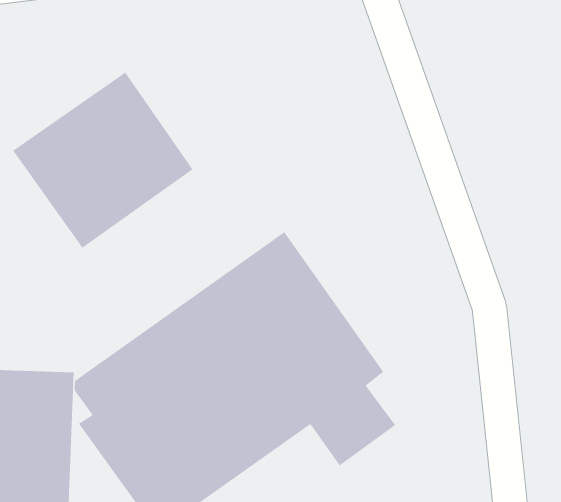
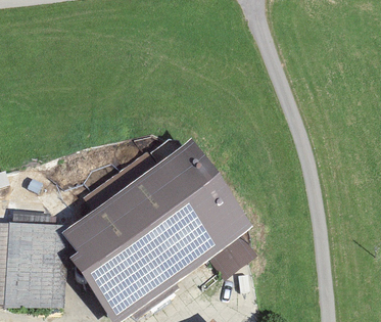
building: [12,71,193,249] -> none

